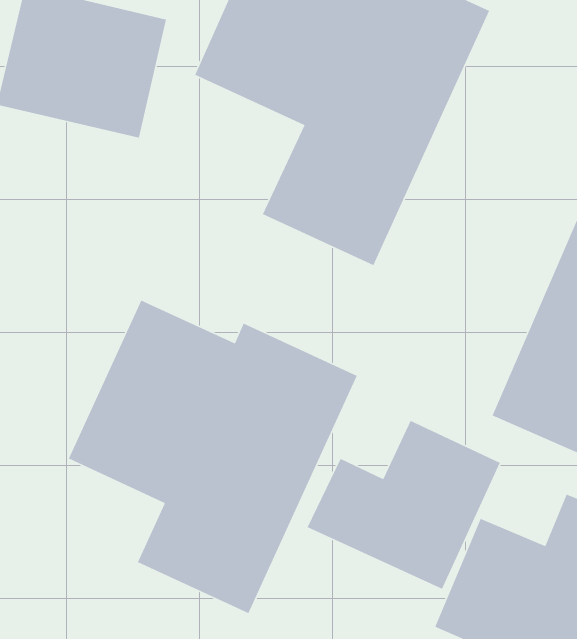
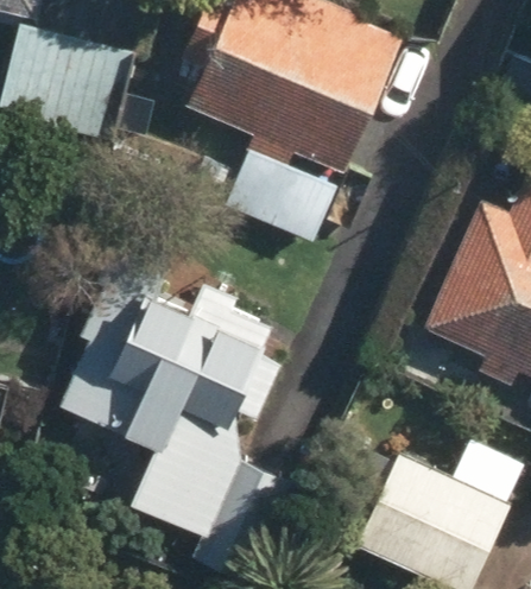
building: [306,420,501,590] -> none

